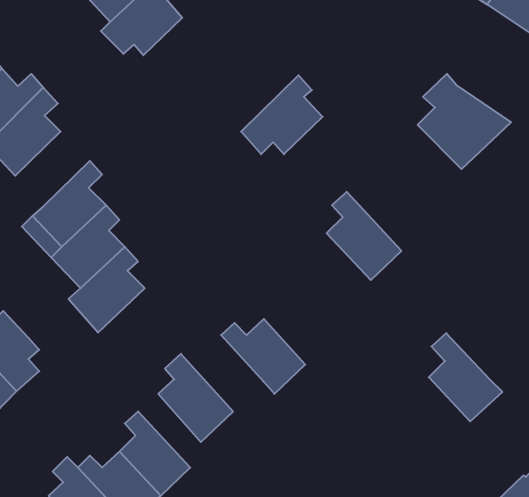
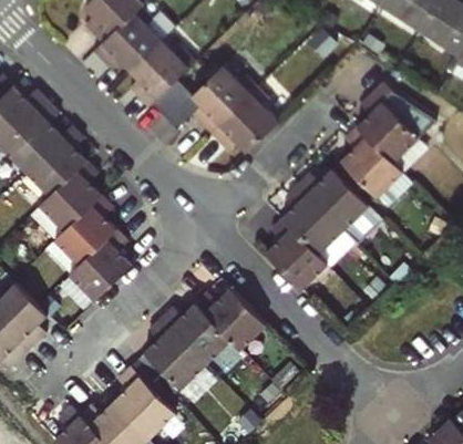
building: none -> [131,41,199,109]
building: none -> [194,66,259,135]
building: none -> [24,125,86,197]
building: none -> [341,130,404,202]
building: none -> [299,171,370,234]
building: [429,333,502,421] -> [268,219,329,292]
building: none -> [162,303,230,366]

